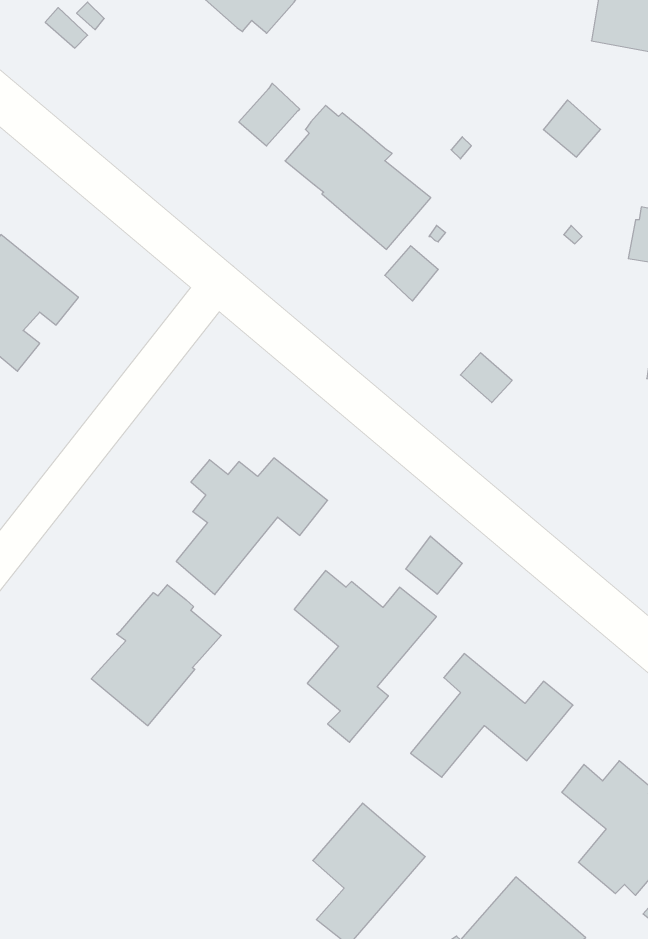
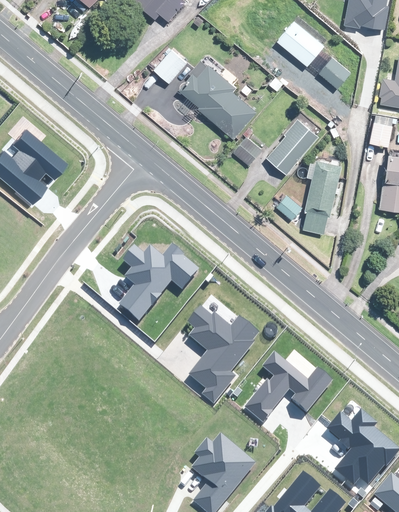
building: none -> [278,19,327,70]
building: none -> [268,117,319,172]
building: none -> [303,158,343,233]
building: [406,536,462,594] -> none
building: [91,585,221,726] -> none

